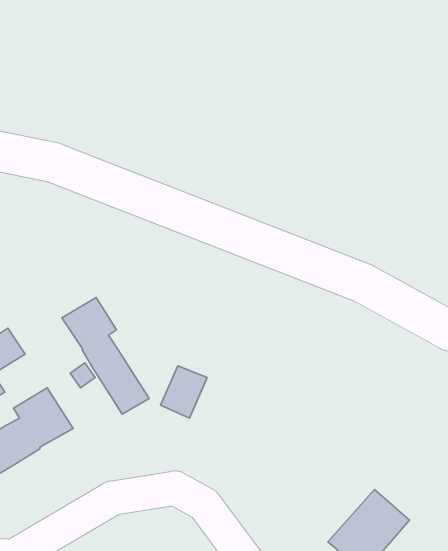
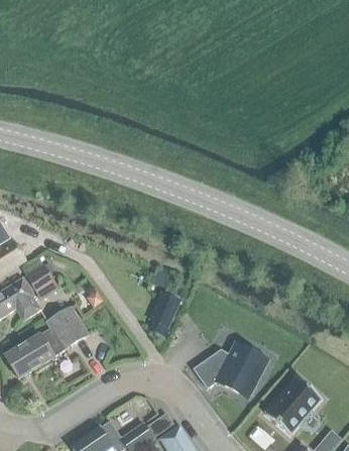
building: [62,298,149,414] -> none
building: none -> [193,343,266,397]

